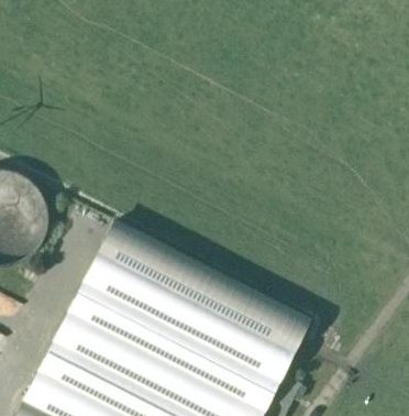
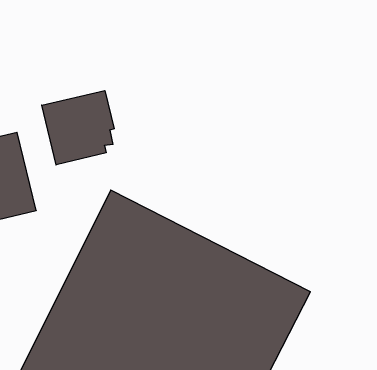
building: none -> [42,91,114,165]

